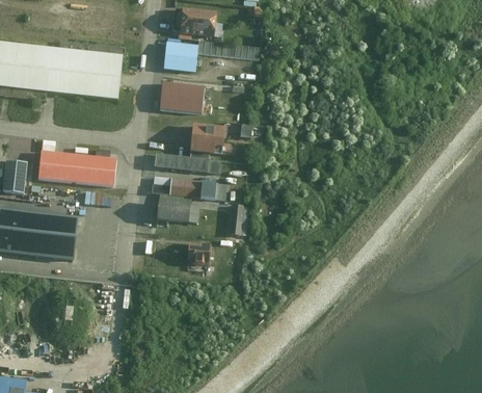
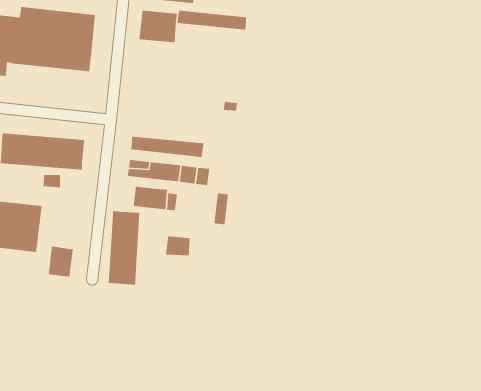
building: [160,83,205,113] -> none
building: [191,123,225,154] -> none
building: none -> [108,210,140,286]
building: none -> [48,246,74,277]

